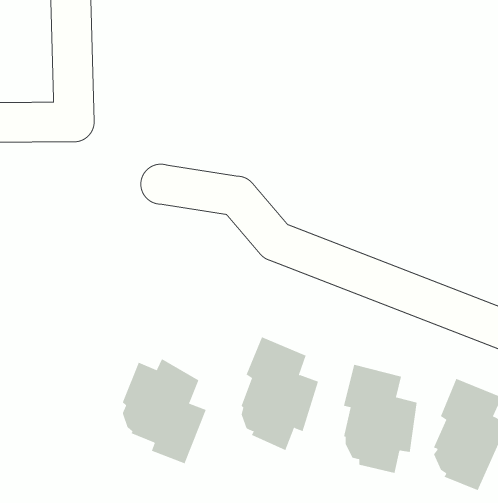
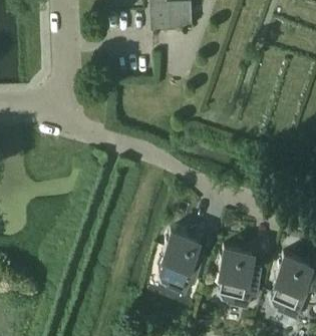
building: [122,358,207,464] -> none

